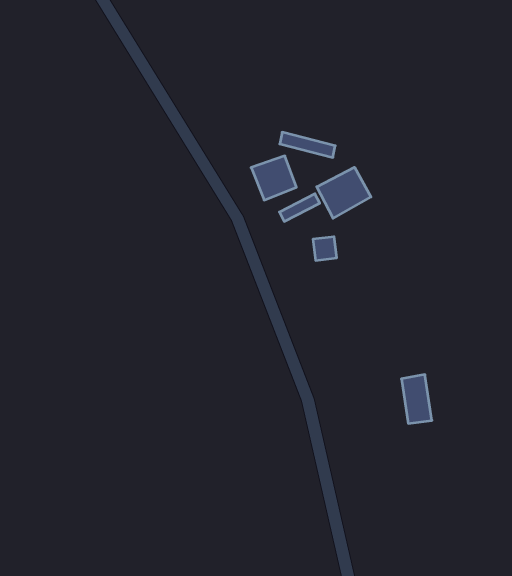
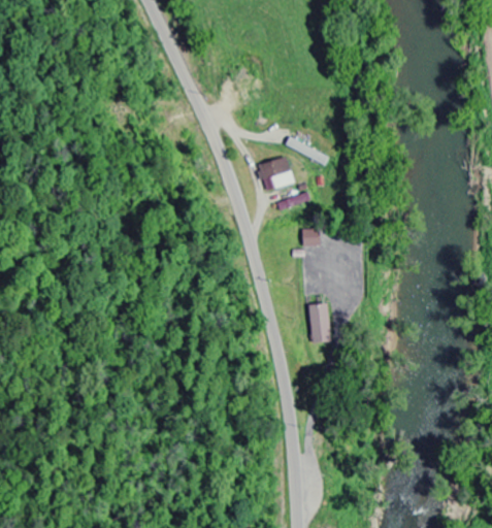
building: [317,167,371,218] -> none
building: [401,375,432,423] -> [309,303,330,341]

